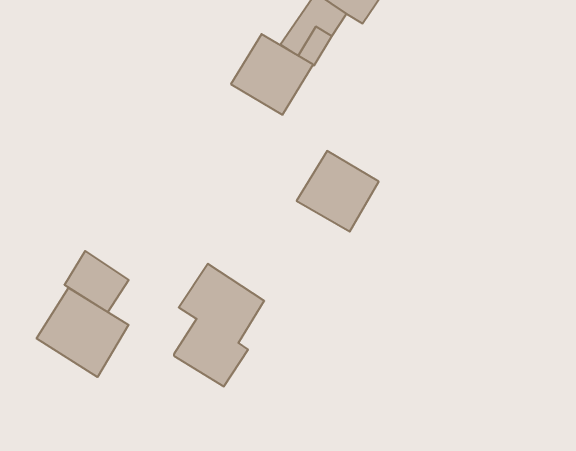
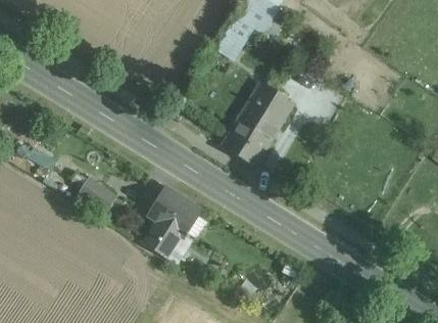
building: [231,34,313,115] -> [242,81,294,132]
building: [37,288,129,377] -> none

